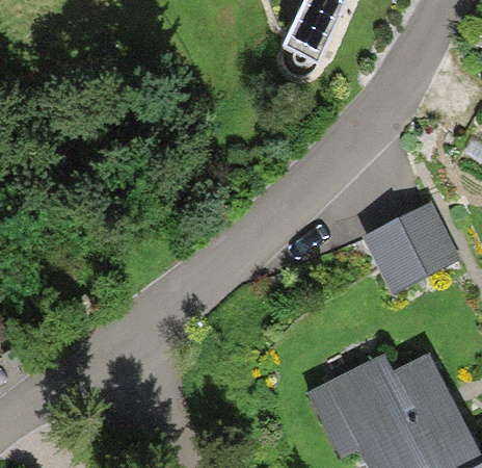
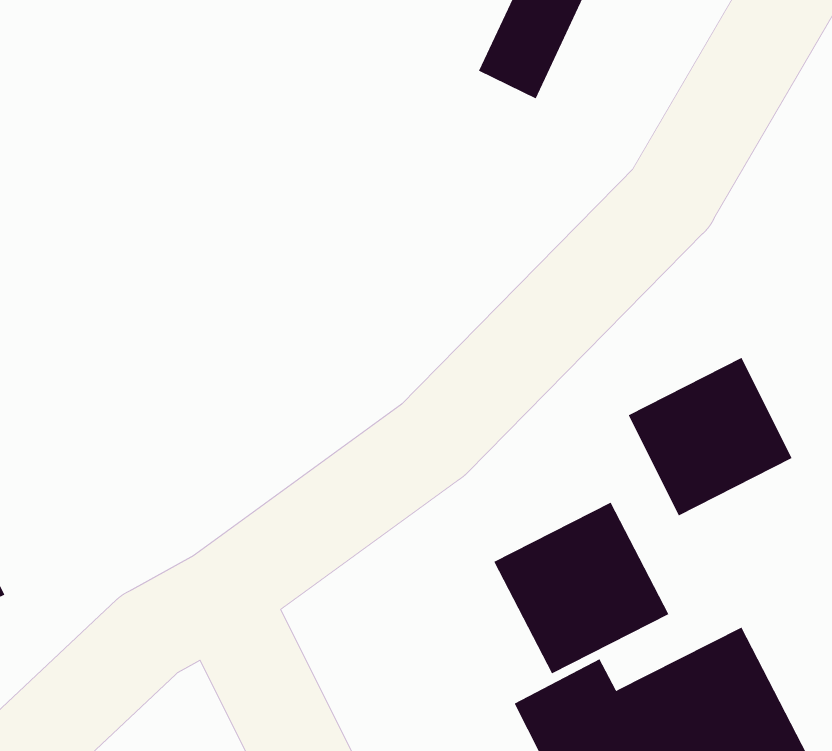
building: none -> [494,502,669,674]

